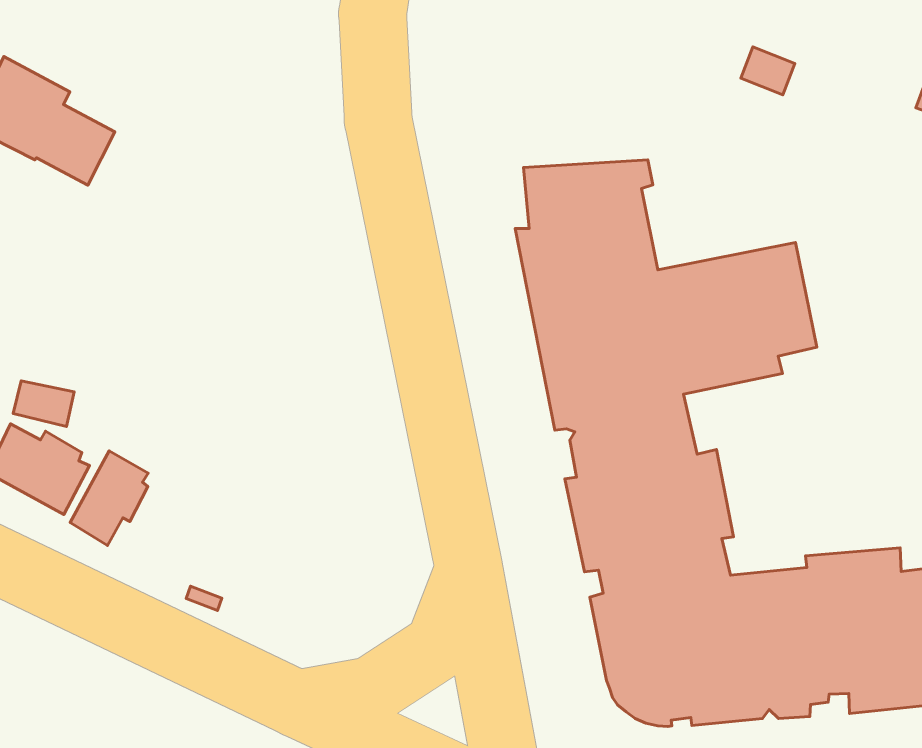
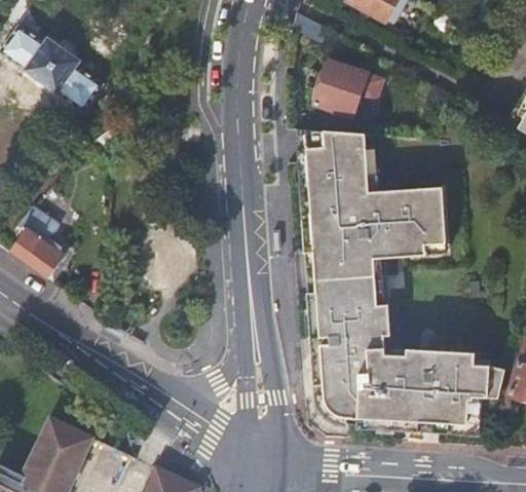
building: none -> [315,61,369,115]
building: [70,451,148,545] -> none

